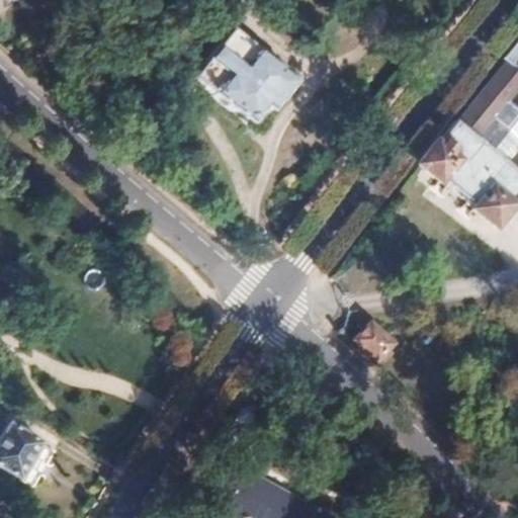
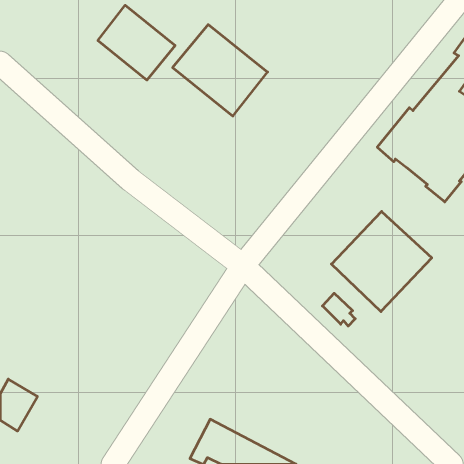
building: none -> [98,5,175,80]
building: none -> [331,211,432,312]

